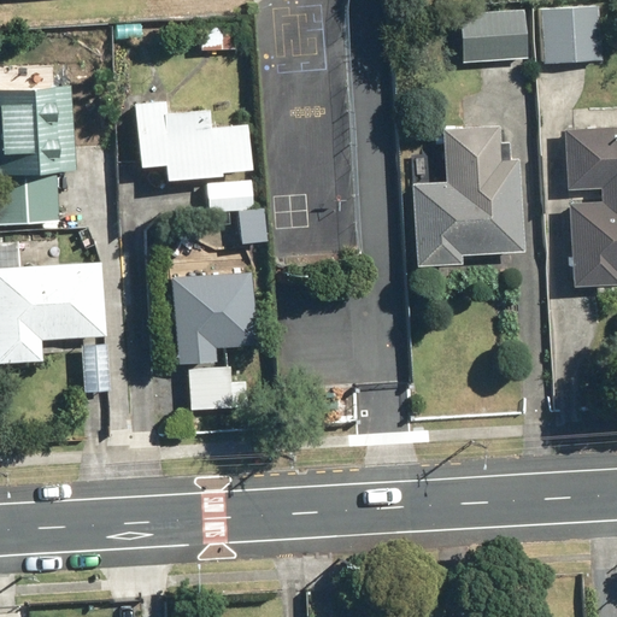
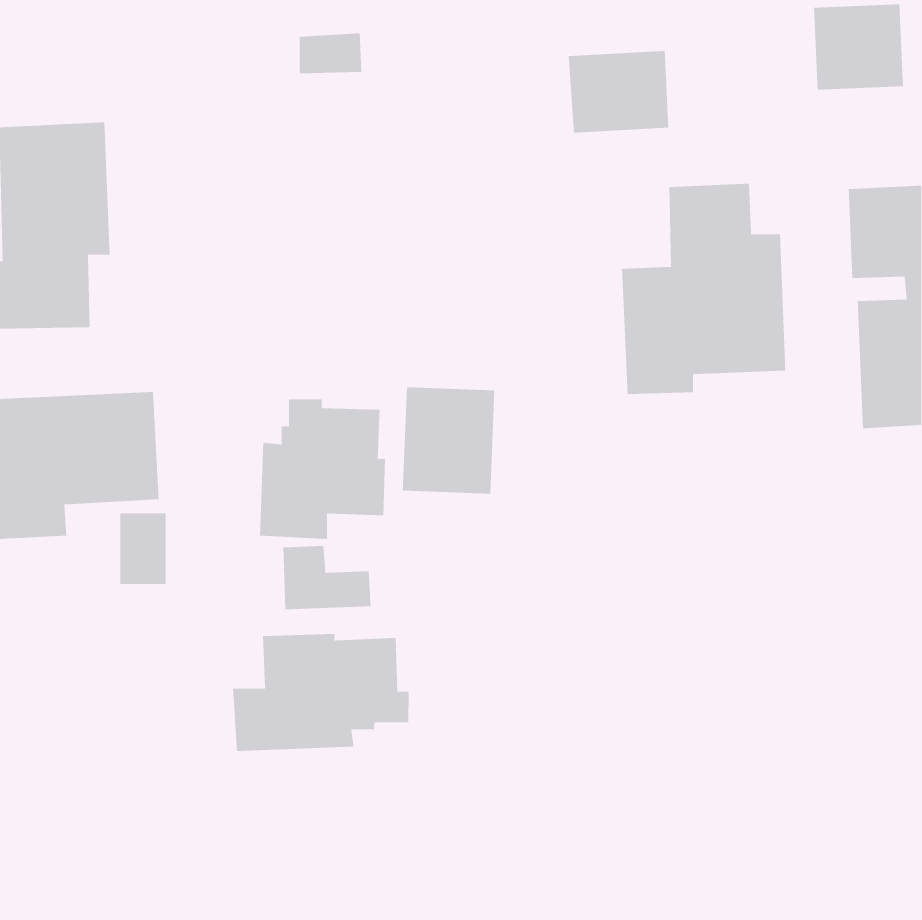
building: [460,8,528,64] -> [568,50,669,134]
building: [134,100,253,219] -> none
building: none -> [402,386,495,495]
building: none -> [232,633,409,752]

